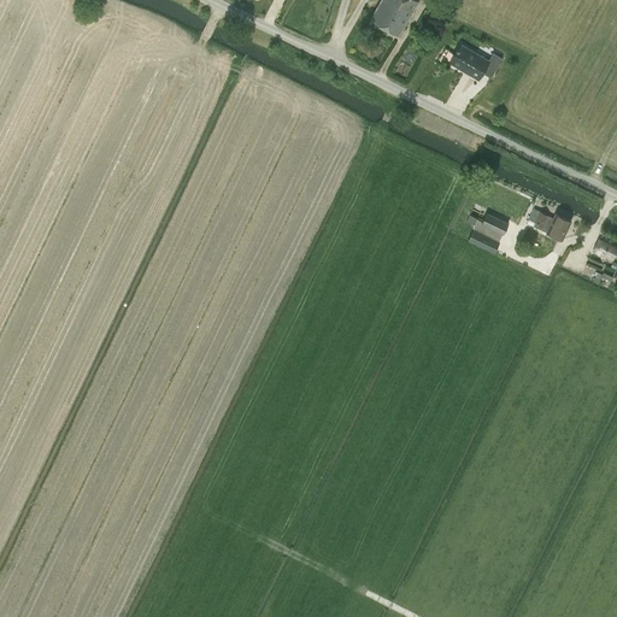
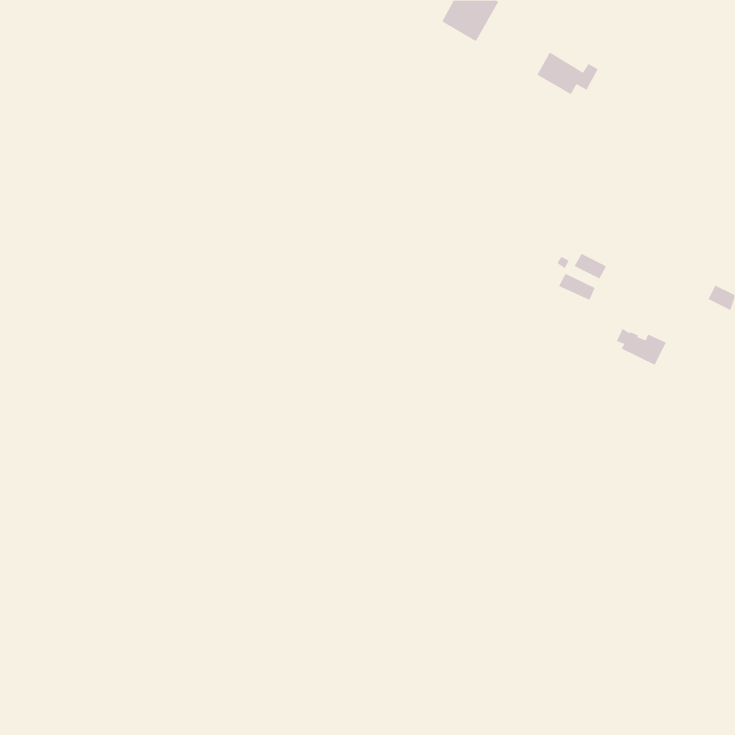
building: [529,208,571,240] -> [616,328,667,366]

